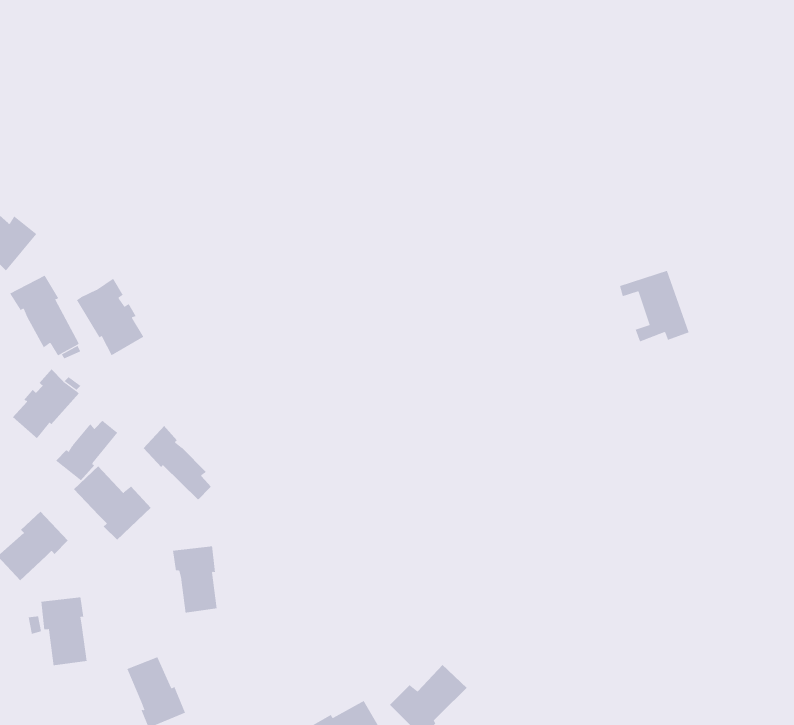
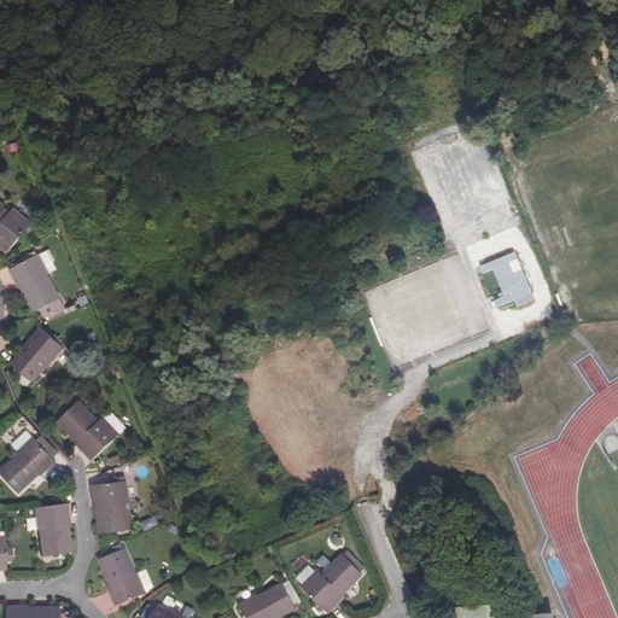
building: [76,278,144,356] -> none
building: [55,420,118,481] -> none
building: [143,425,212,500] -> none
building: [172,546,218,613] -> [92,482,127,534]

